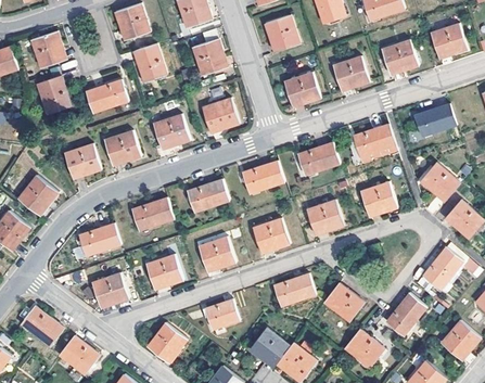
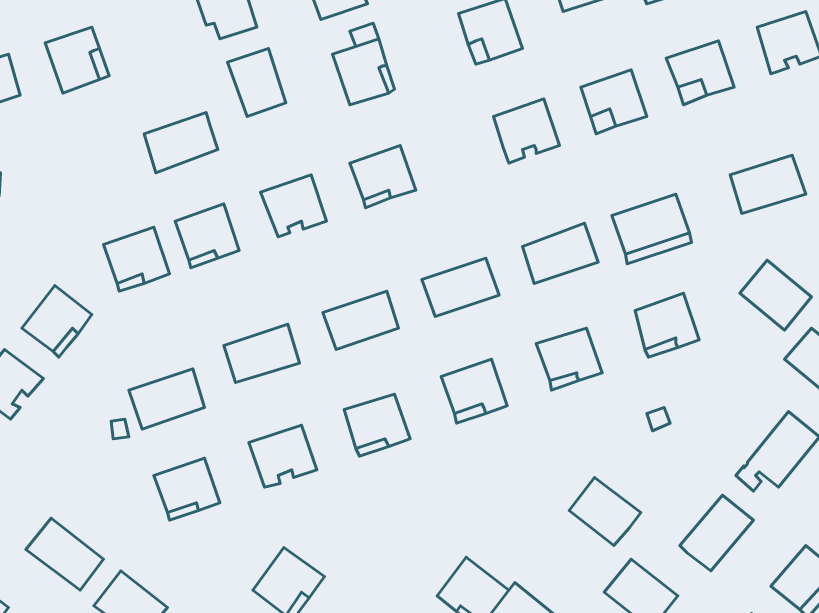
building: [38,76,71,114] -> none
building: [273,273,316,306] -> none
building: [205,299,240,329] -> none

